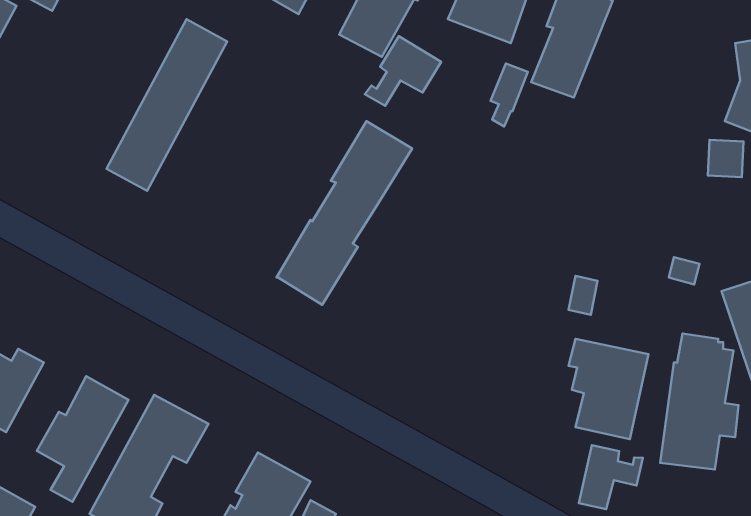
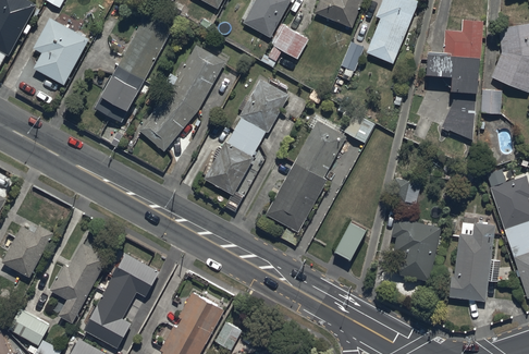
building: none -> [32,17,88,85]
building: none -> [428,20,481,141]
building: none -> [137,46,224,151]
building: none -> [265,109,376,233]
building: none -> [334,221,367,260]
building: [579,445,643,509] -> none

